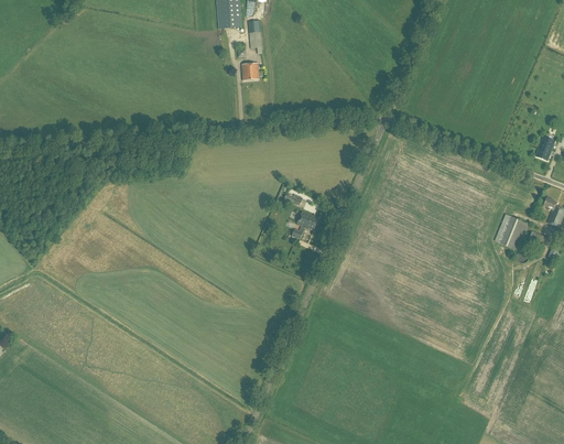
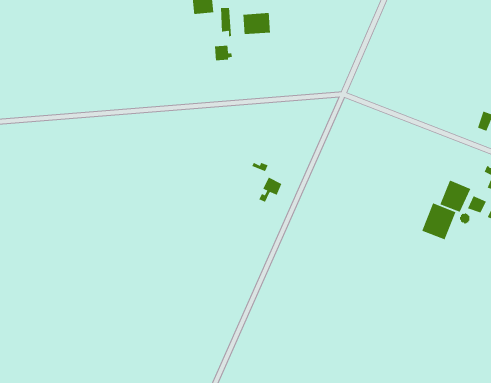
building: none -> [243,12,271,35]
building: none -> [422,203,456,240]

